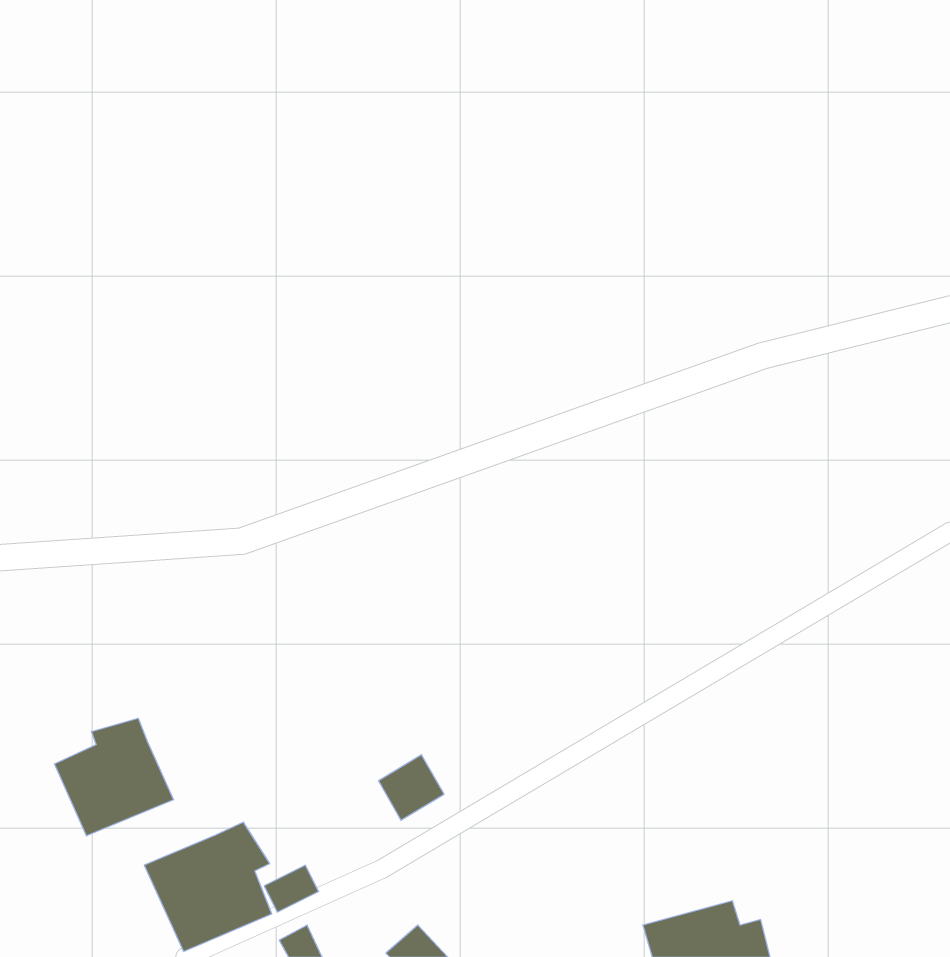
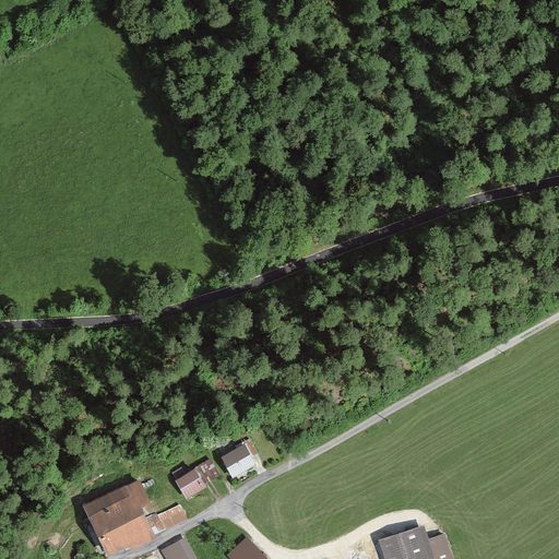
building: [55,718,173,836] -> none
building: none -> [170,466,211,501]

